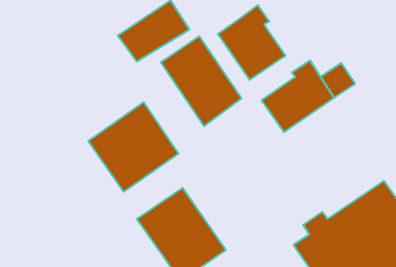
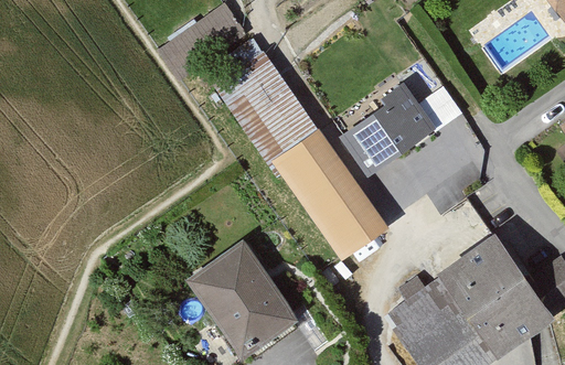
building: [218,5,286,80] -> none
building: none -> [271,129,392,264]
building: [88,102,179,192] -> none

